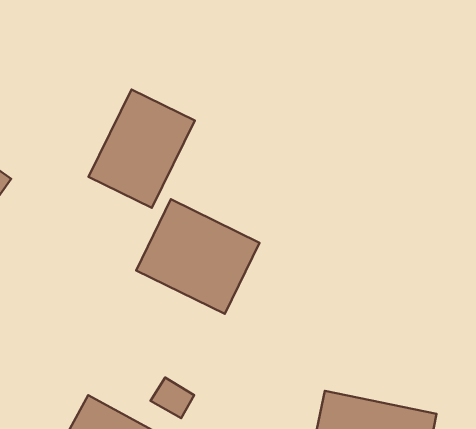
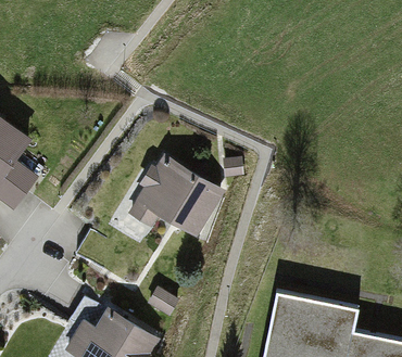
building: [89,89,195,208] -> none

